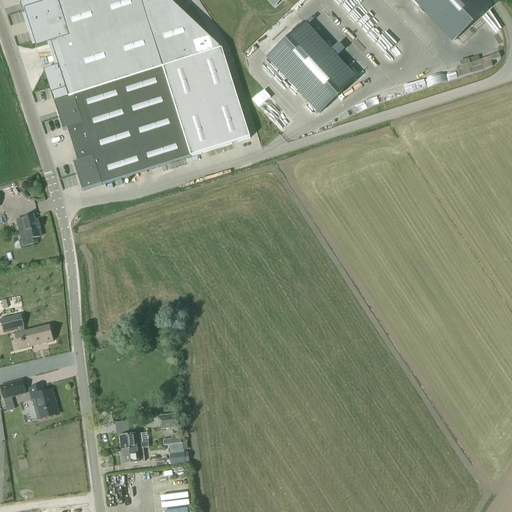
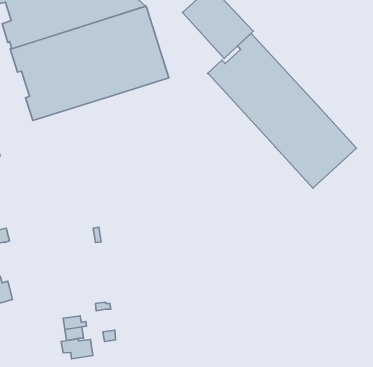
building: none -> [208,33,356,188]
building: none -> [61,339,93,359]

